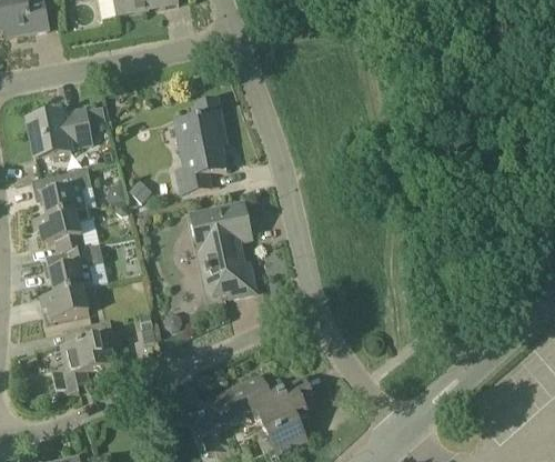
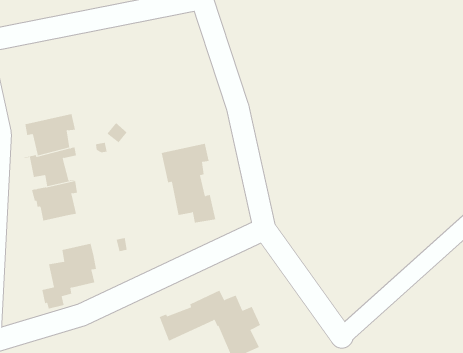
building: [174,97,226,191] -> none
building: [28,110,91,157] -> none
building: [40,287,89,319] -> none

